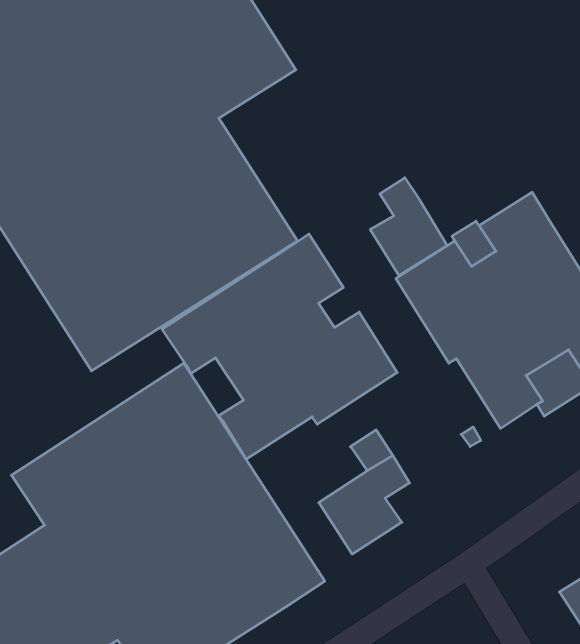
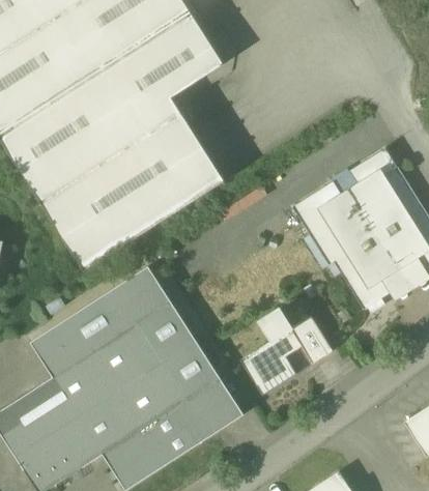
building: [370,178,447,275] -> none
building: [162,234,397,459] -> none
building: none -> [290,315,333,364]

